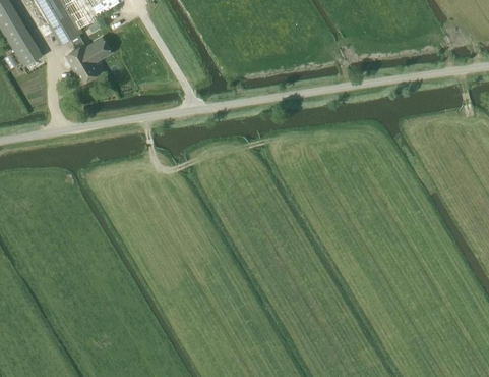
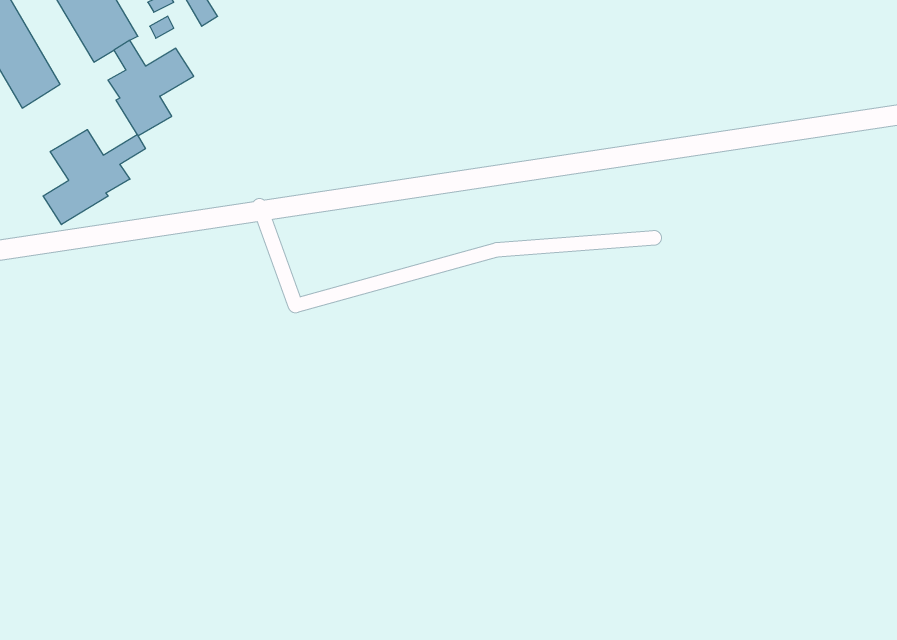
building: none -> [43,130,145,225]

